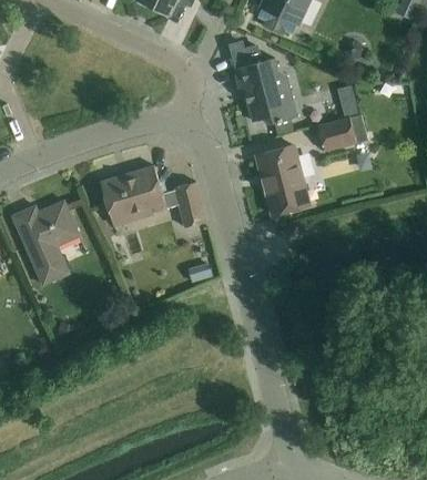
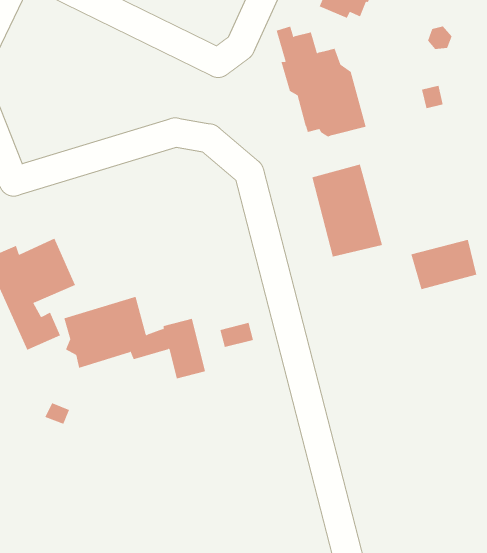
building: [317,114,367,152] -> [411,239,477,290]
building: [100,165,206,227] -> [64,296,206,379]

